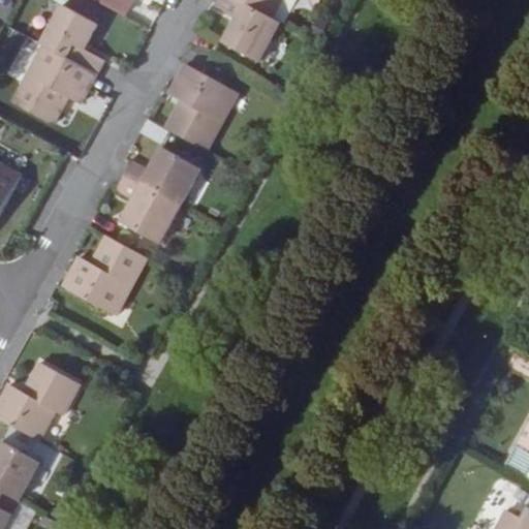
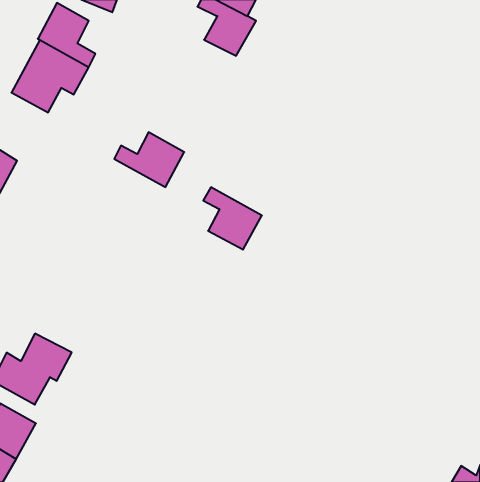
building: [167,63,239,149] -> none
building: [117,174,181,242] -> [203,187,262,250]
building: [61,236,147,317] -> none

